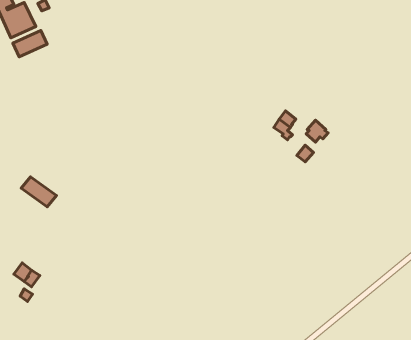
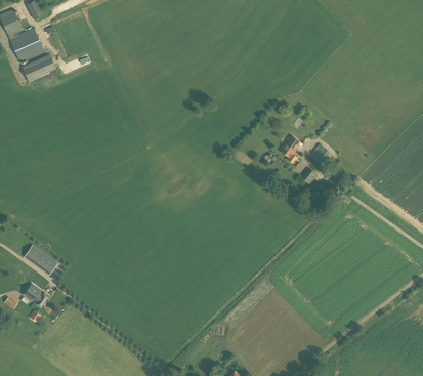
building: [21,177,57,207] -> [23,245,57,275]

